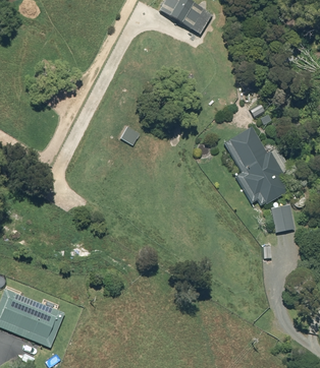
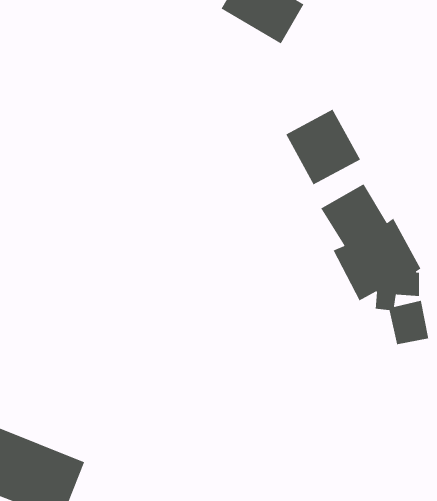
building: none -> [285,108,361,186]

